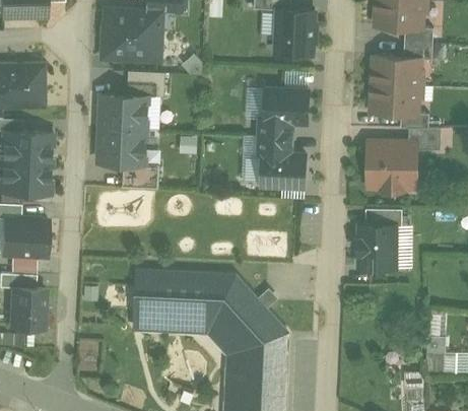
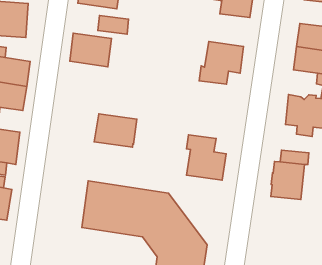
building: [97,129,146,165] -> [94,114,137,147]
building: [257,137,306,188] -> [186,135,226,180]

